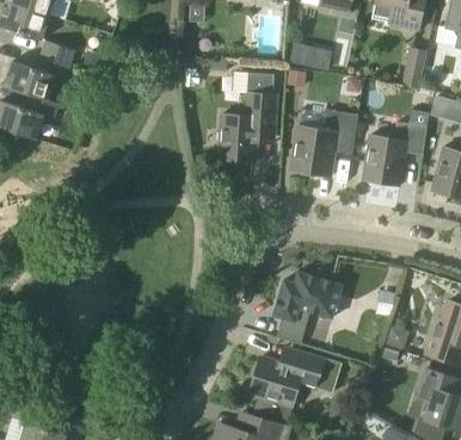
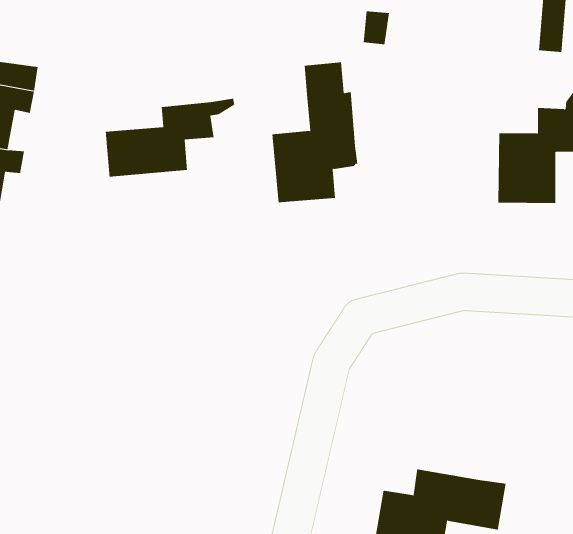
building: none -> [105,98,235,177]
building: [290,110,358,176] -> none
building: [273,272,342,343] -> none

